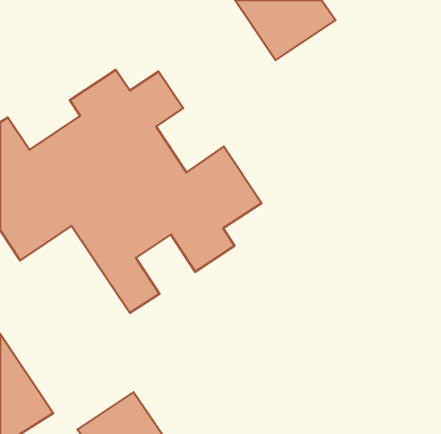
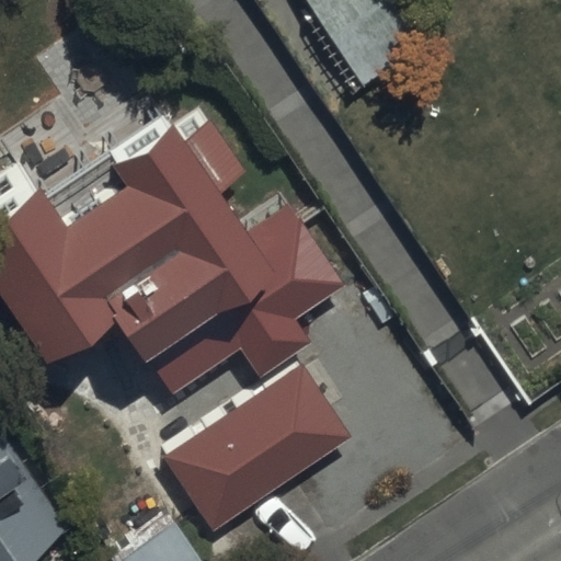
building: none -> [162,376,343,538]

